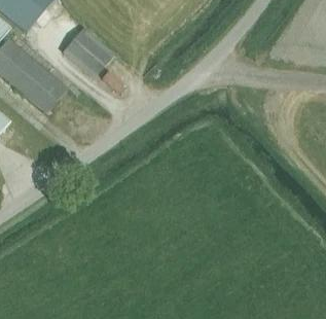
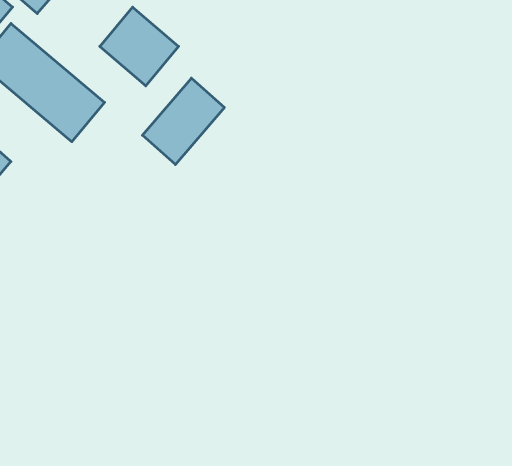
building: none -> [142,78,224,165]

